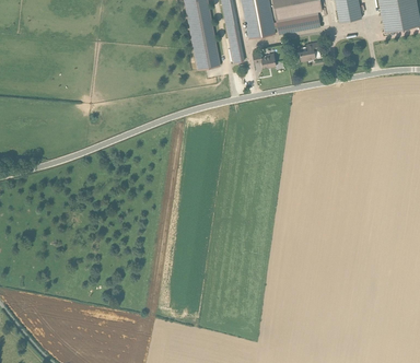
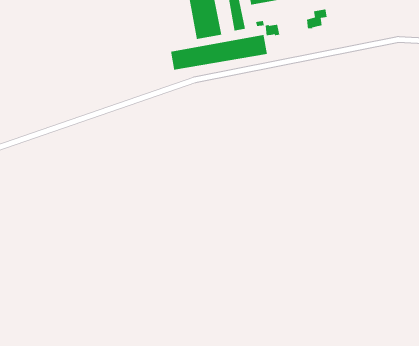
building: none -> [170,34,268,71]

